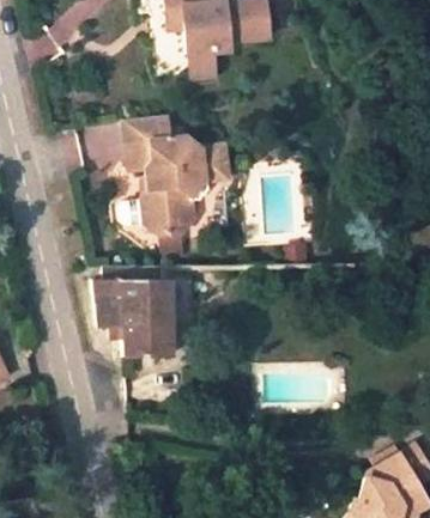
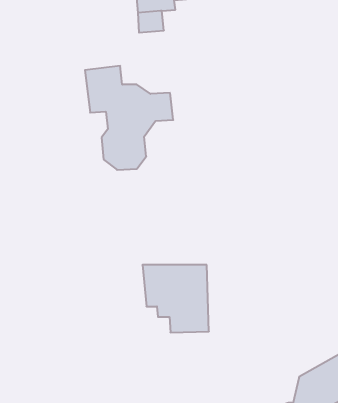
building: [92,281,169,359] -> [142,265,209,332]

